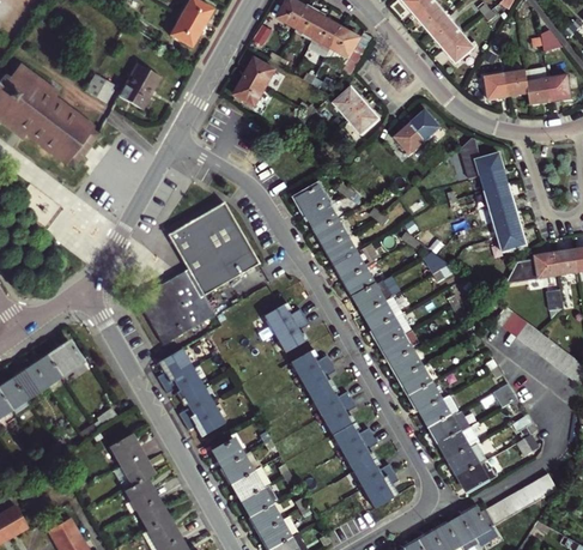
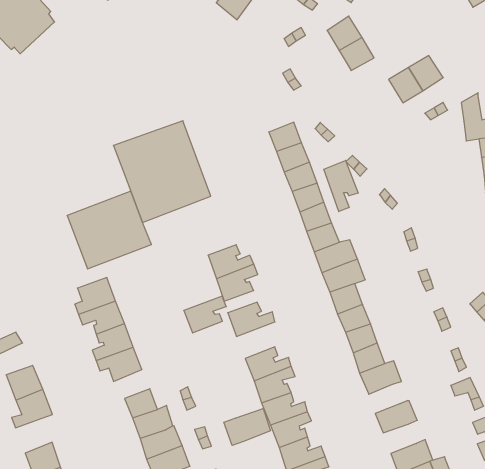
building: none -> [324,160,358,212]
building: [299,362,335,398] -> [184,296,226,333]
building: [421,395,456,427] -> none
building: [439,425,479,459] -> none
building: none -> [224,408,270,445]
building: [122,478,156,510] -> none

